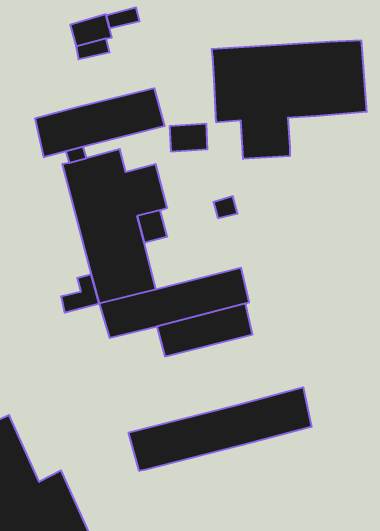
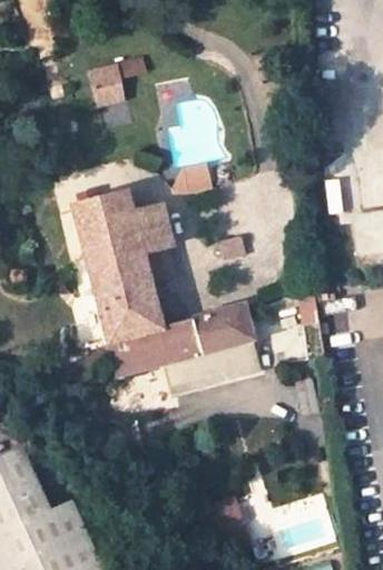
building: [212,40,367,159] -> none
building: [35,88,165,157] -> none
building: [129,387,312,471] -> none

